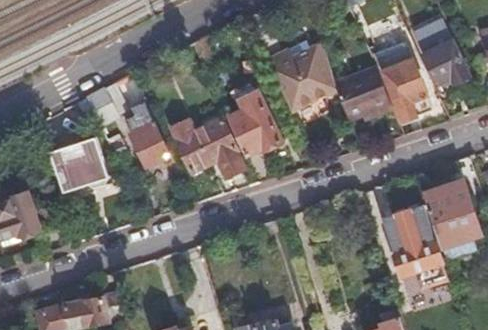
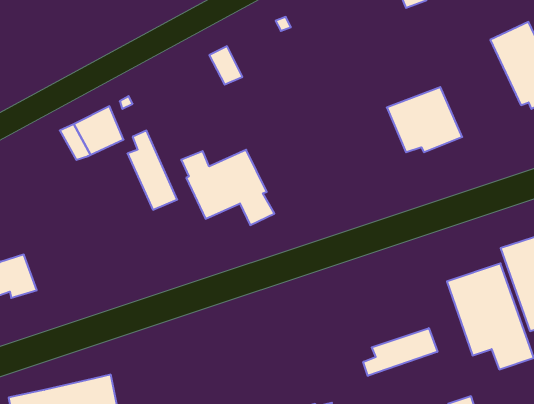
building: [372,41,432,124] -> none
building: [265,45,330,102] -> none
building: [227,90,283,184] -> none
building: [47,137,106,190] -> none
building: none -> [363,328,437,376]

